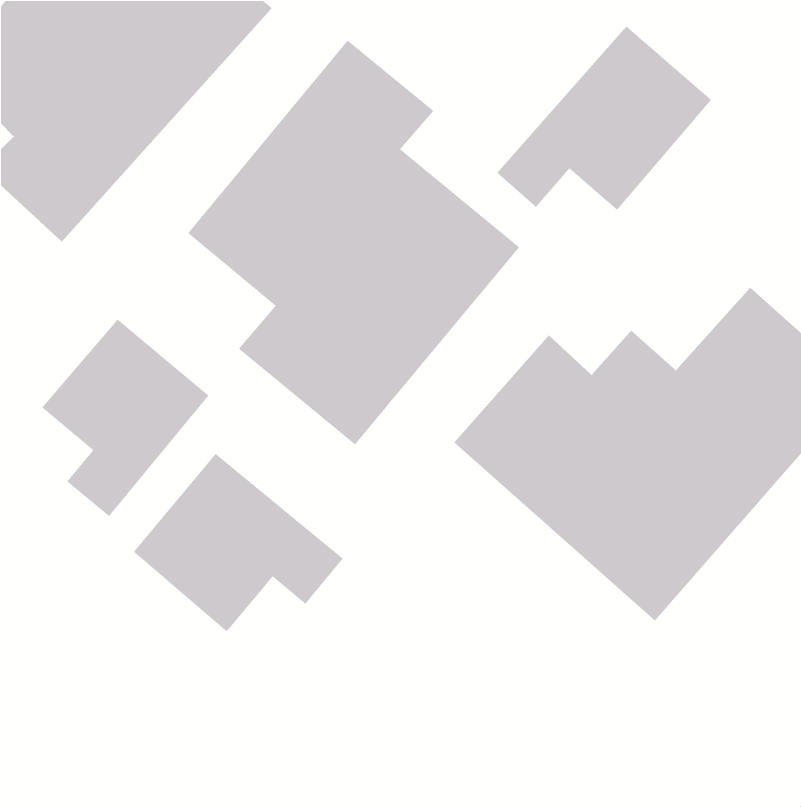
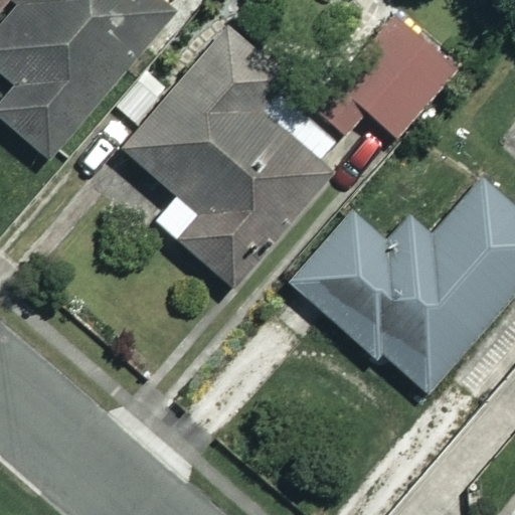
building: [41,319,210,517] -> none
building: [133,453,344,632] -> none

